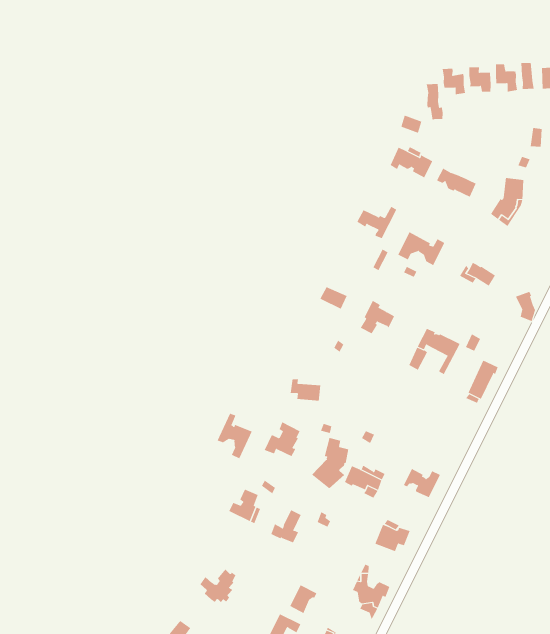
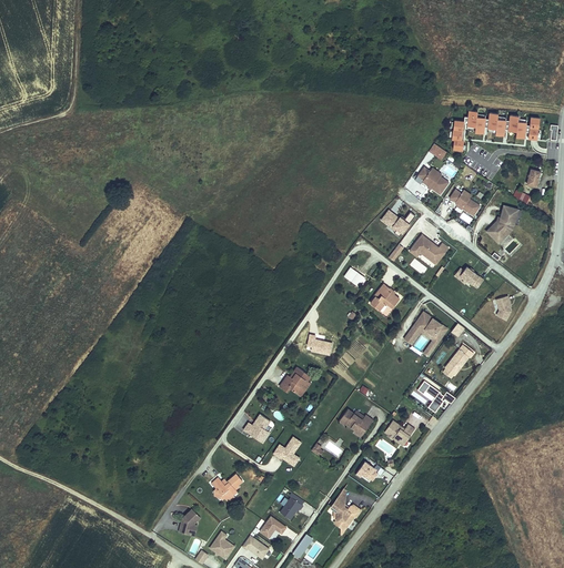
building: none -> [416,376,455,412]
building: [217,413,253,459] -> none
building: [311,437,349,489] -> none

